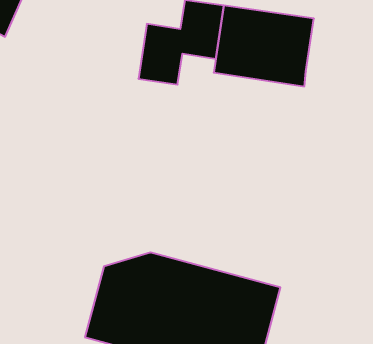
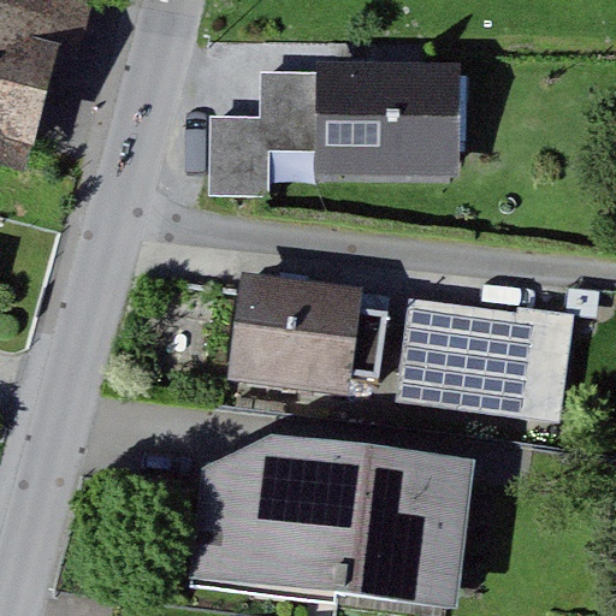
building: none -> [243,282,359,392]
building: none -> [403,298,574,419]

